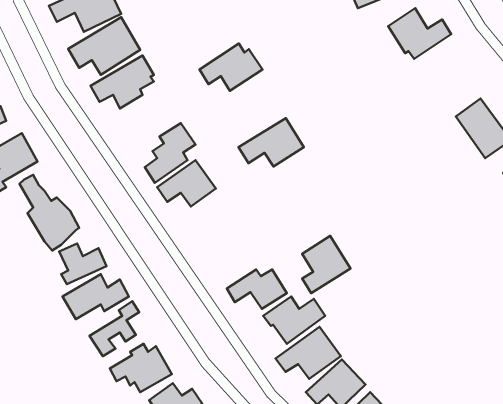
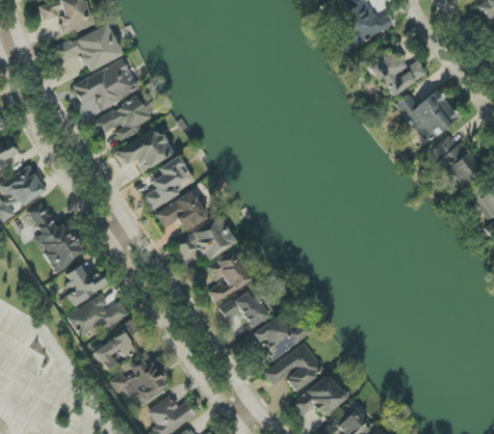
building: [199,44,262,91] -> [115,128,174,171]
building: none -> [395,89,459,142]
building: [238,118,304,166] -> [176,215,236,260]
building: [302,236,350,293] -> [207,249,252,302]

